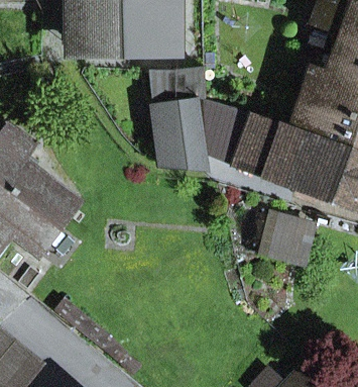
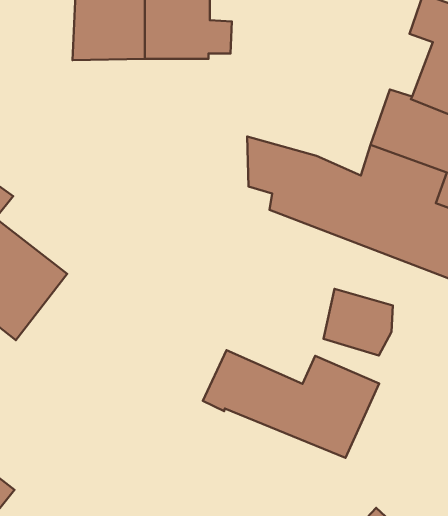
building: [150,68,207,171] -> none
building: none -> [203,350,379,458]

